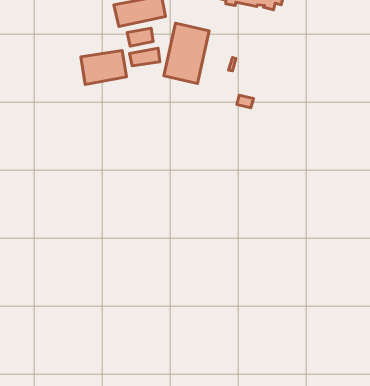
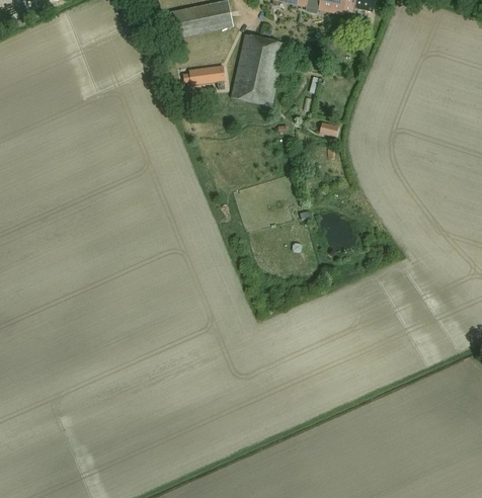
building: [127,28,153,46] -> none
building: [81,50,127,85] -> none

